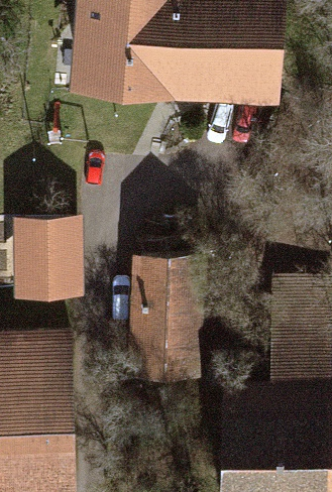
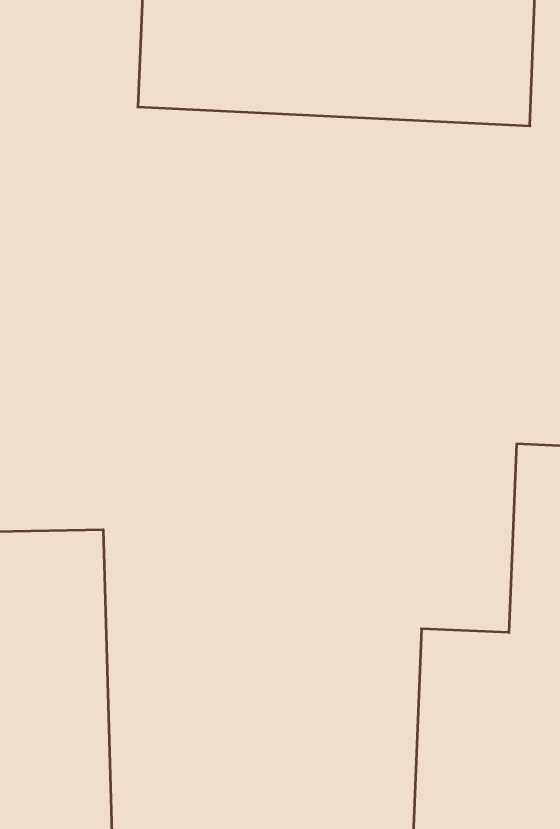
building: [15,221,82,296] -> none
building: [139,267,192,371] -> none

